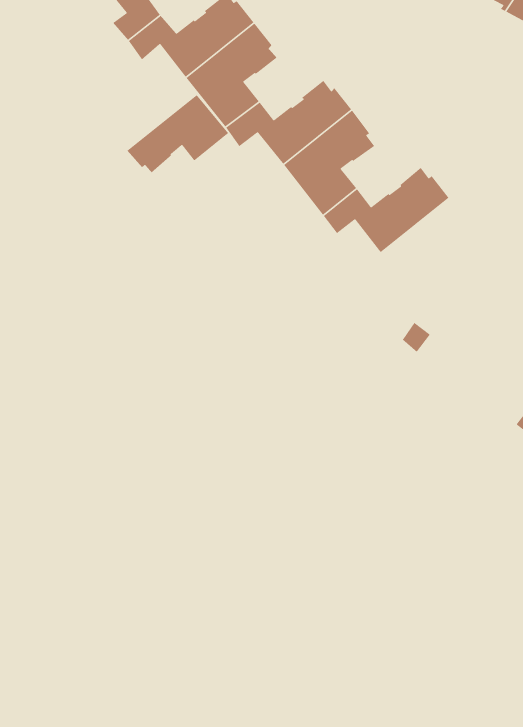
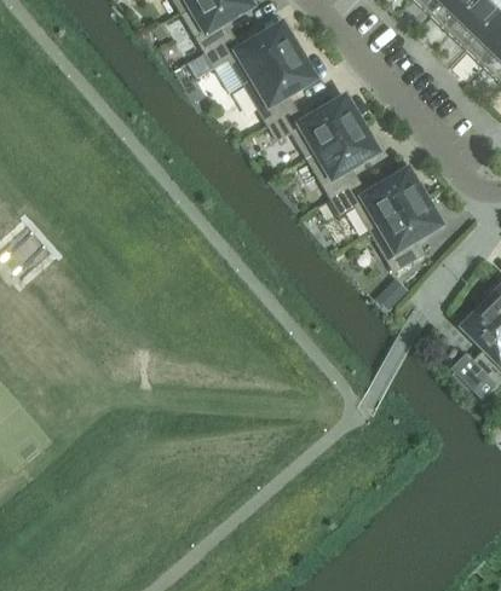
building: [126,94,229,174] -> none
building: none -> [372,195,440,268]

